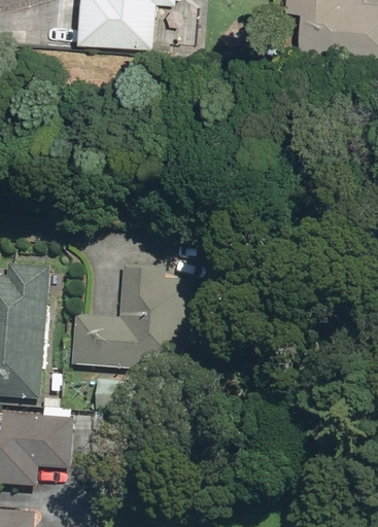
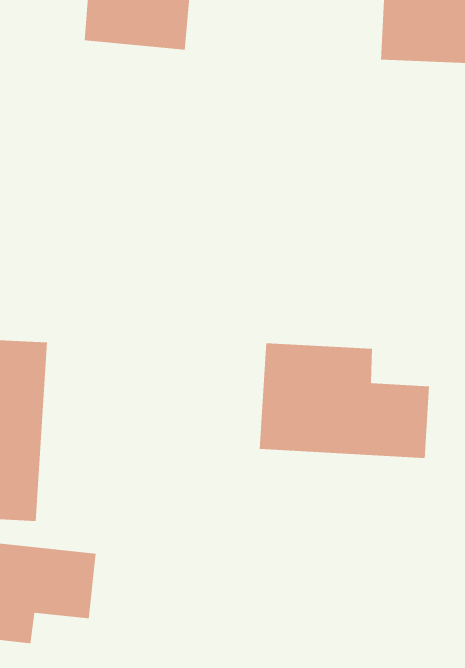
building: [72,256,180,370] -> none
building: none -> [259,342,429,459]

